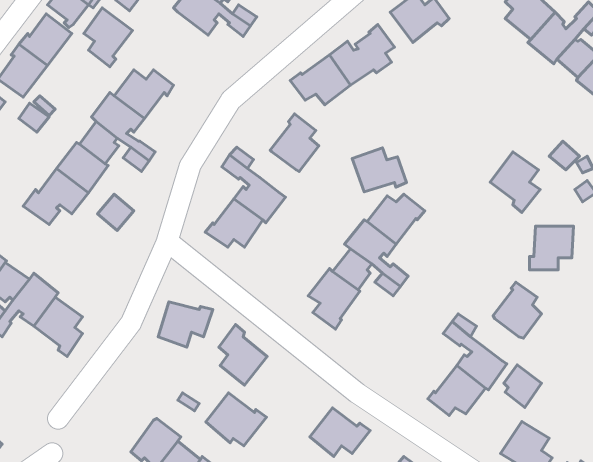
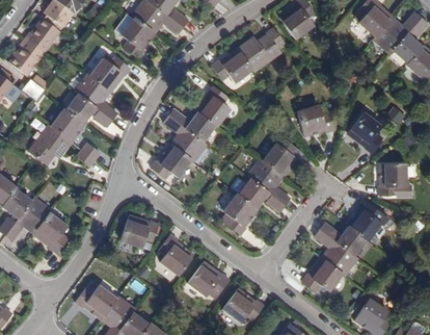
building: [84,8,132,67] -> [120,18,154,58]
building: [352,148,407,192] -> [295,106,332,136]
building: none -> [188,113,214,141]
building: [504,365,542,407] -> [341,228,367,257]
building: [206,393,266,446] -> [189,261,231,298]
building: none -> [76,284,116,319]

